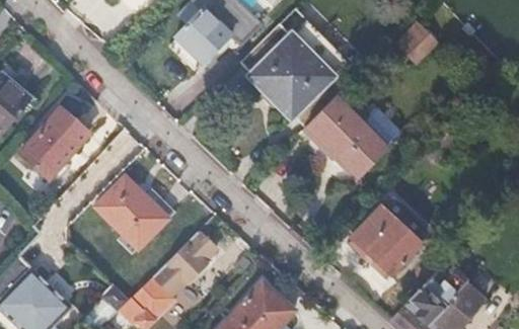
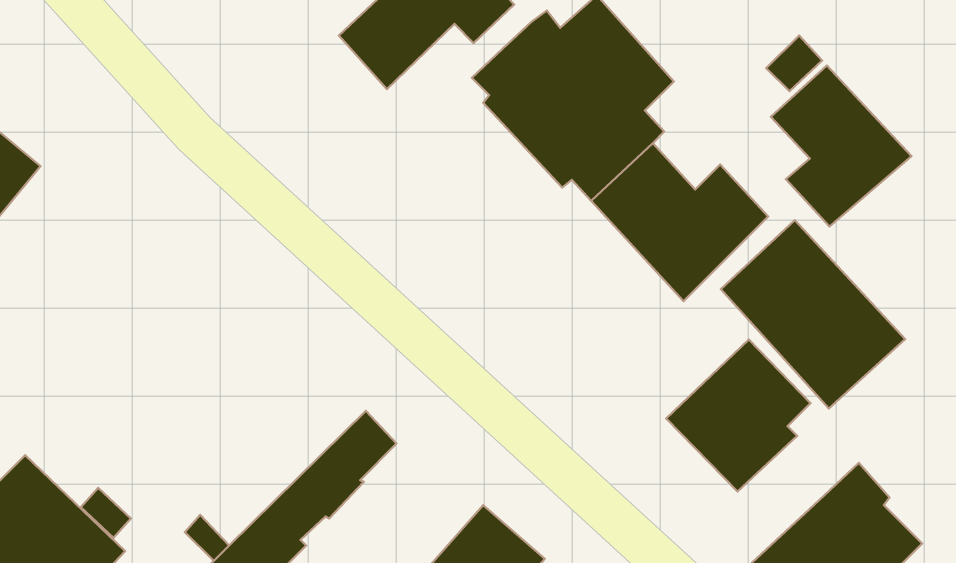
building: none -> [771,65,911,226]
building: [16,108,86,179] -> none
building: none -> [721,220,905,408]
building: [92,177,171,251] -> none

